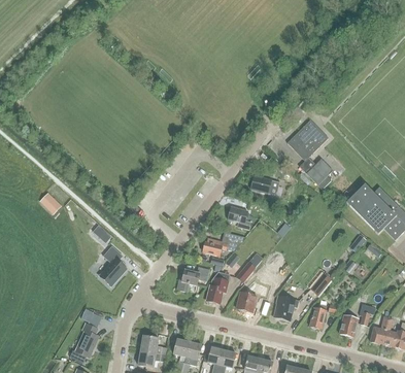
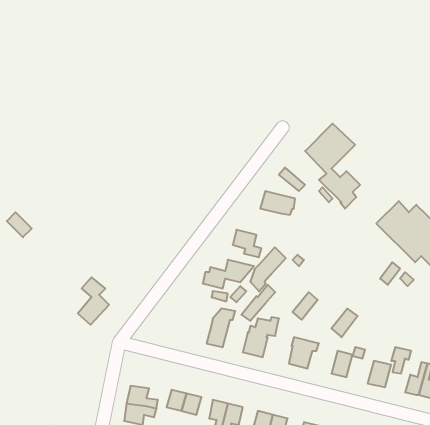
building: none -> [250,247,286,292]
building: [177,266,209,291] -> none
building: [75,323,99,357] -> none

